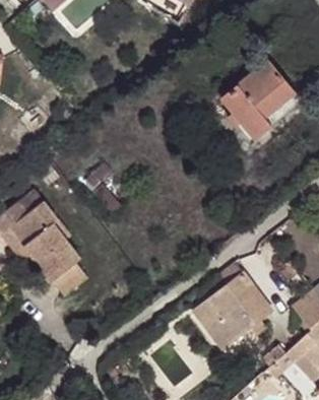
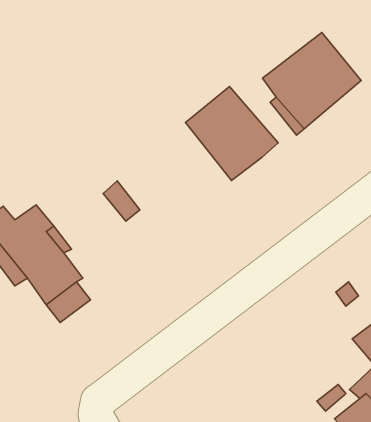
building: none -> [186,86,278,180]
building: [193,262,271,348] -> none

